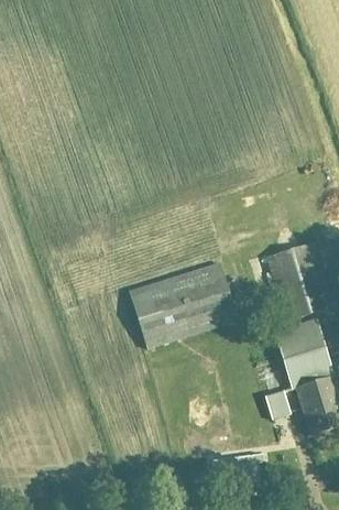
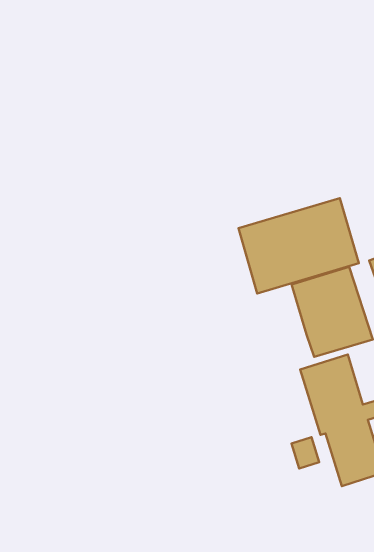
building: [130,263,236,347] -> [238,198,359,293]

